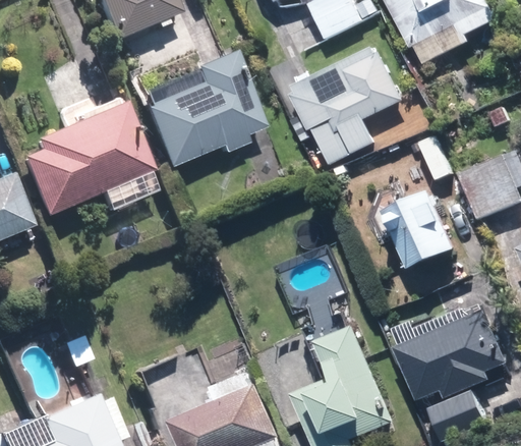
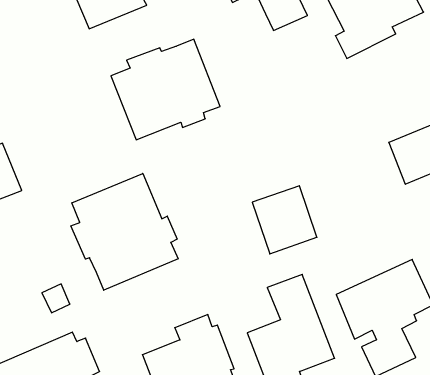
building: [280,45,396,162] -> none
building: [17,101,151,216] -> none
building: [385,188,460,268] -> [252,186,317,254]
building: none -> [71,173,178,290]

